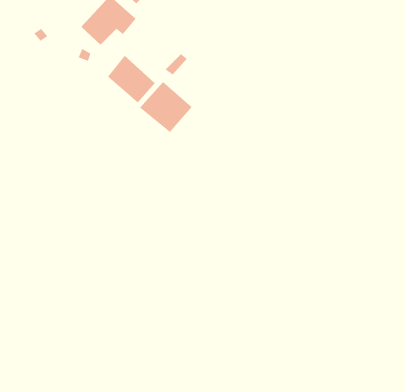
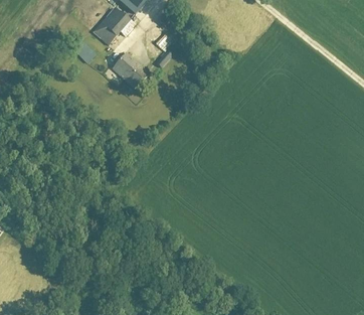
building: [139,81,193,133] -> none

